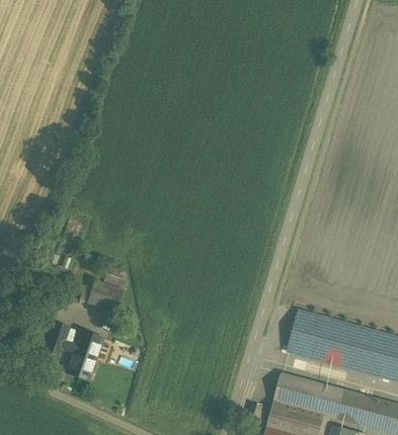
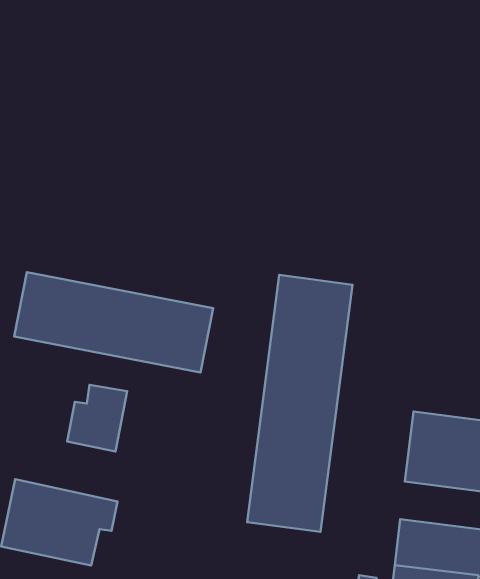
building: none -> [14,272,213,372]
building: none -> [247,275,353,532]

